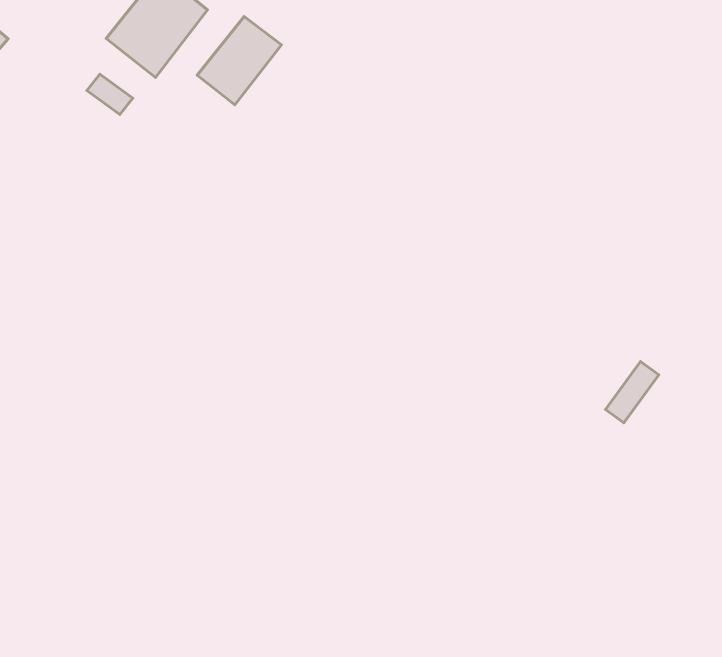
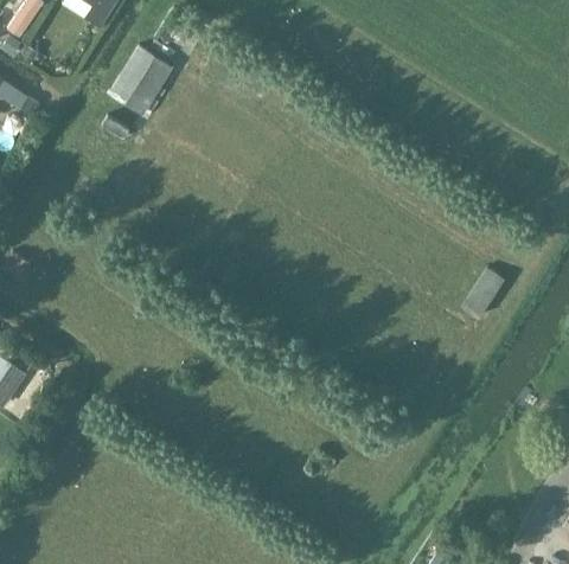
building: [197,17,281,105] -> none

